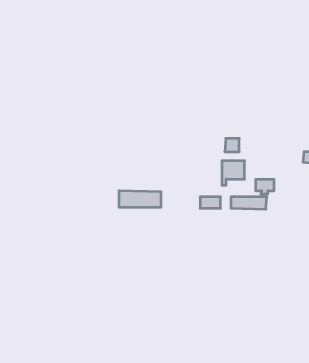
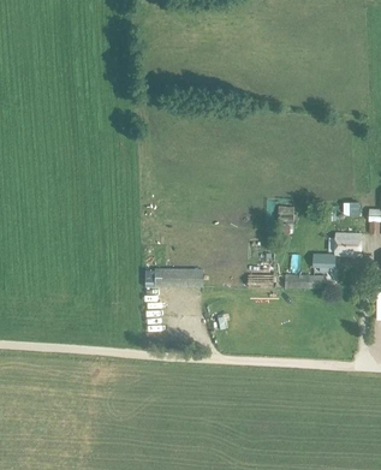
building: [222,161,245,185] -> [334,233,361,262]

